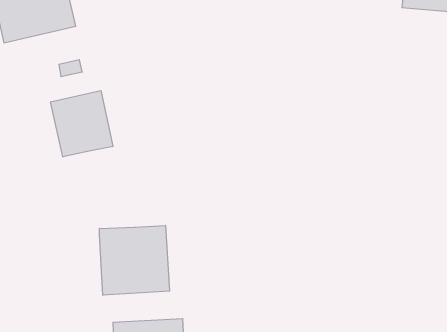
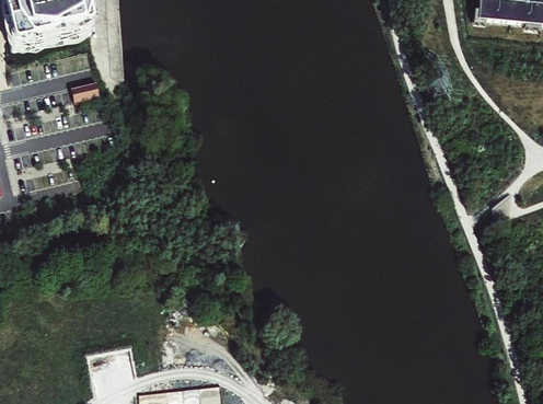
building: [51,91,113,157] -> none
building: [99,225,170,295] -> none

